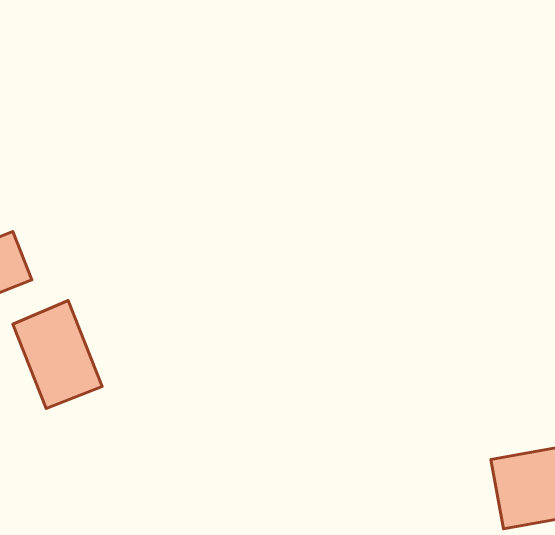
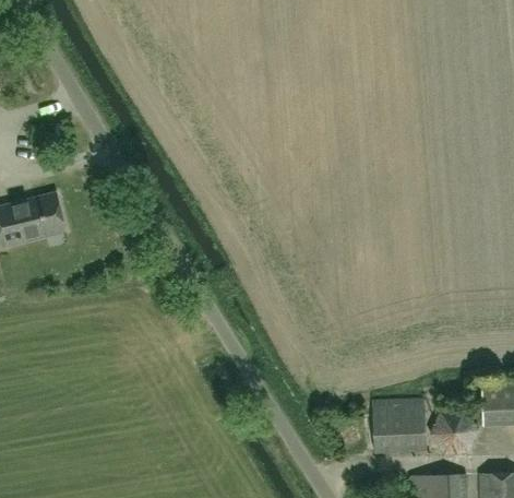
building: [13,301,102,409] -> none

